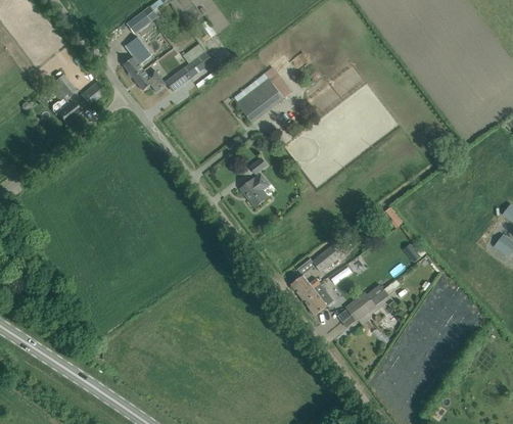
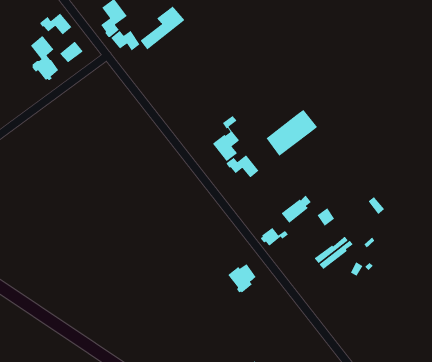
building: none -> [39,12,73,35]
building: [237,73,292,123] -> [265,109,318,157]
building: none -> [226,154,260,179]
building: [300,283,331,315] -> [227,263,257,293]

